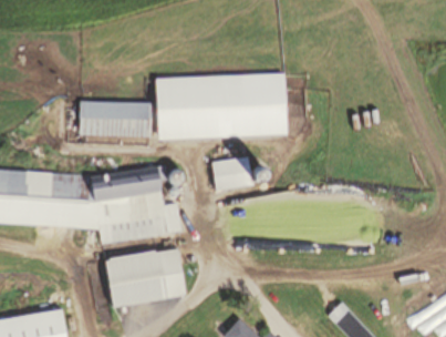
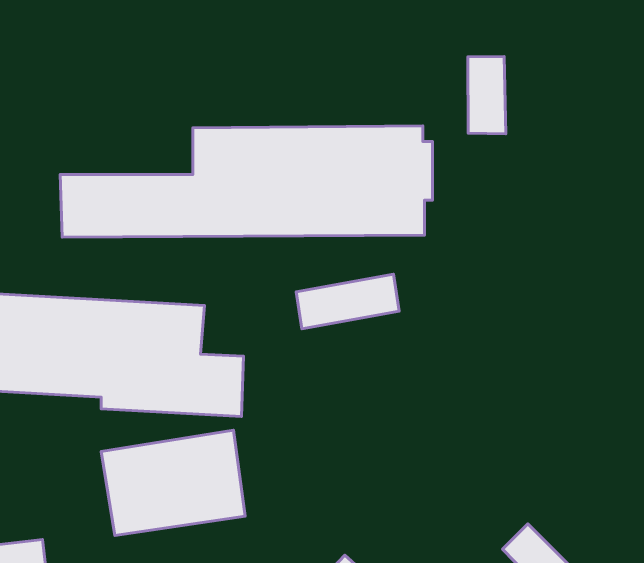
building: none -> [468,57,506,134]

